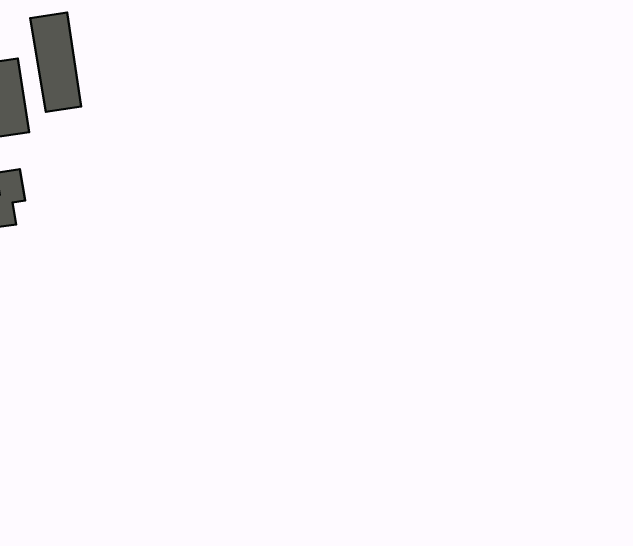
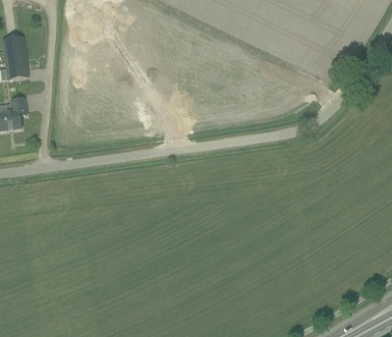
building: [30,12,81,112] -> none

